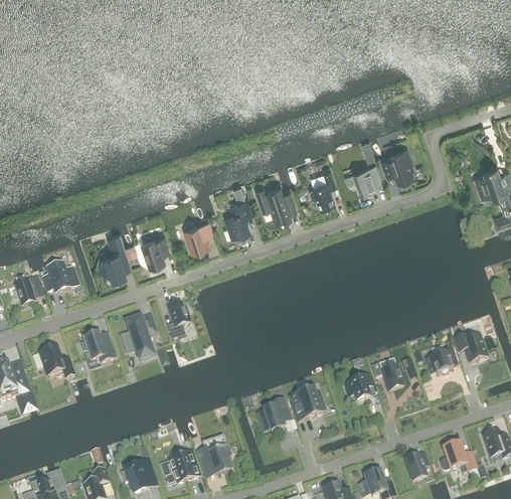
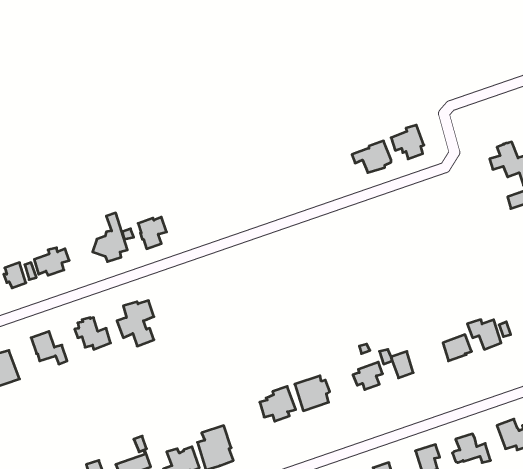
building: [309,168,335,207] -> none
building: [254,184,296,221] -> none
building: [224,198,251,235] -> none
building: [183,220,211,251] -> none
building: [167,301,190,337] -> none

